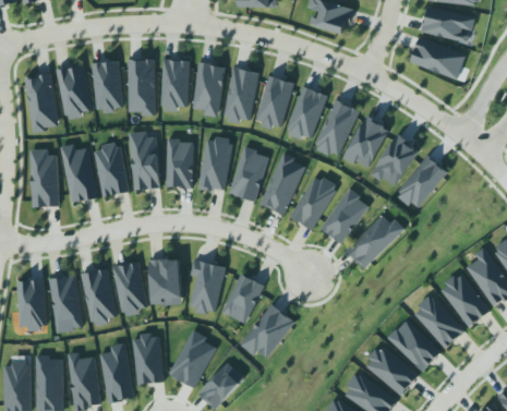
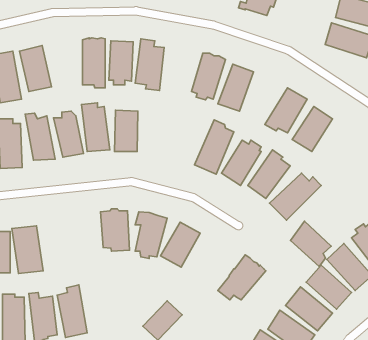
building: [92,61,123,112] -> none
building: [224,68,259,124] -> none
building: [314,100,360,158] -> none
building: [198,137,232,192] -> none
building: [229,146,268,201] -> none
building: [398,156,447,211] -> none
building: [112,261,148,315] -> none
building: [82,267,117,325] -> none
building: none -> [290,221,331,266]
building: [240,302,295,354] -> [218,255,266,300]
building: [168,328,217,387] -> none
building: [132,333,164,384] -> none

